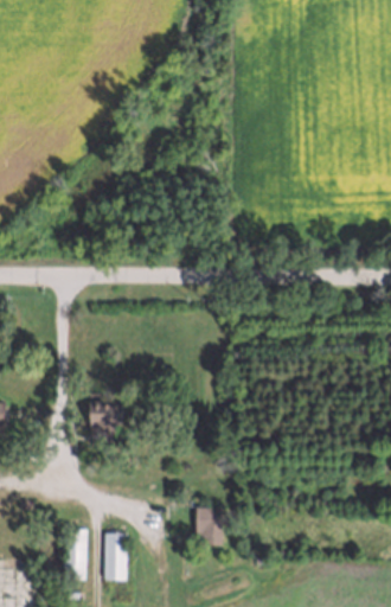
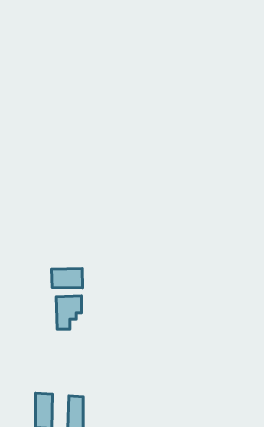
building: none -> [51,268,82,288]
building: [197,507,224,547] -> none

